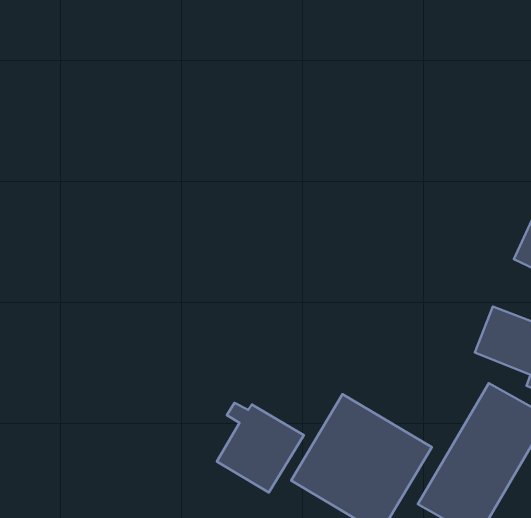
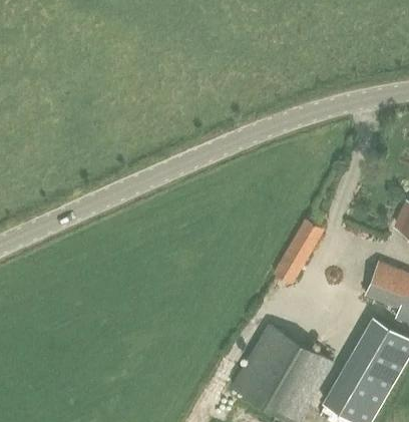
building: none -> [273,219,323,285]
building: [217,403,304,492] -> none

